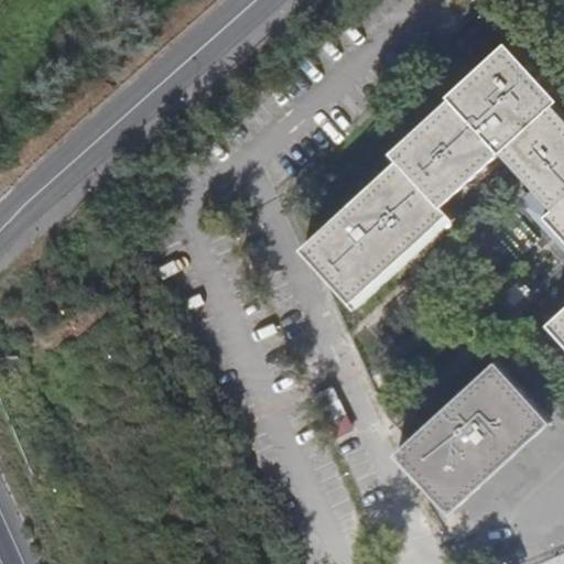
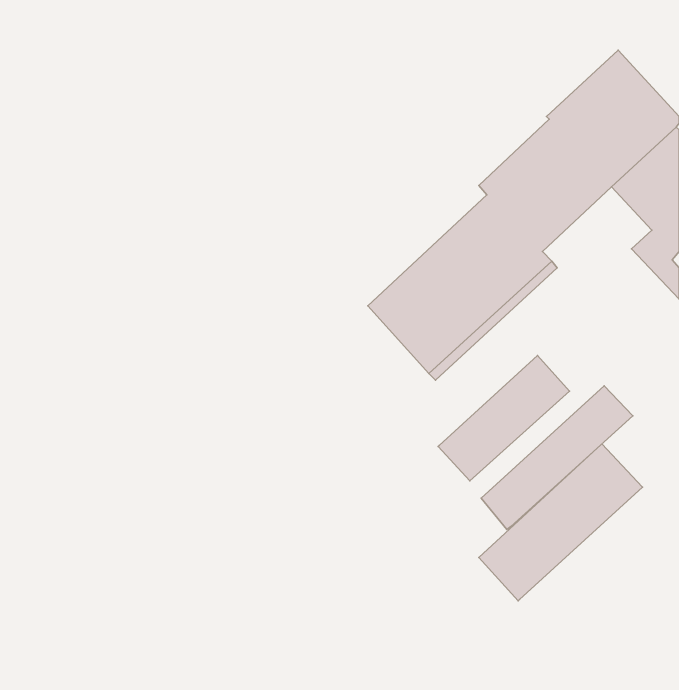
building: none -> [438,355,569,481]
building: [423,398,546,514] -> [481,386,633,529]

